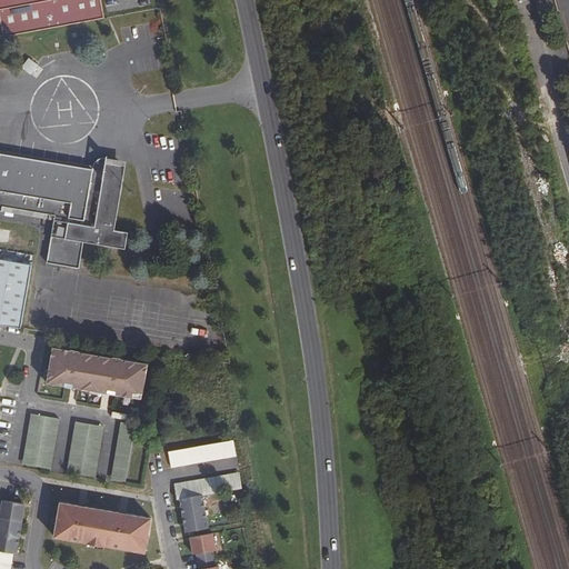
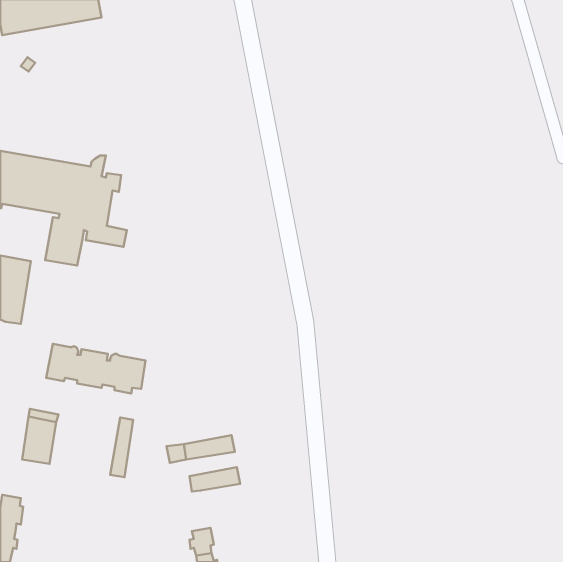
building: [67,420,103,476] -> none
building: [174,480,208,531] -> none
building: [54,501,151,550] -> none

